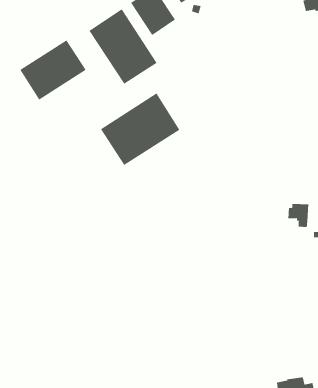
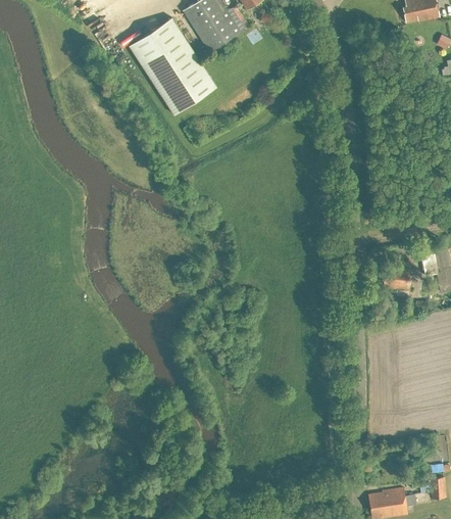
building: [20,39,87,101] -> none
building: [100,93,180,166] -> none

